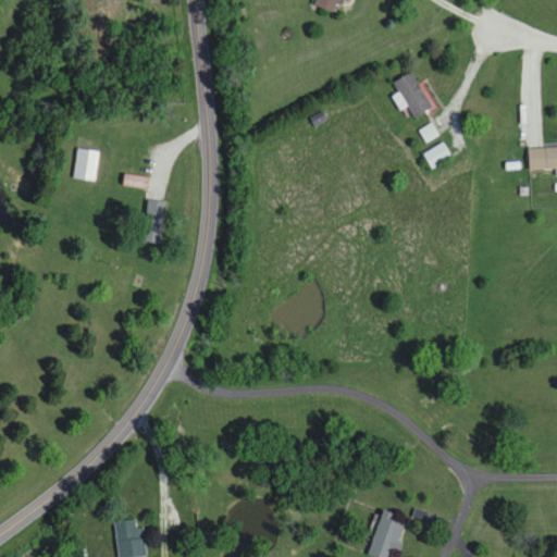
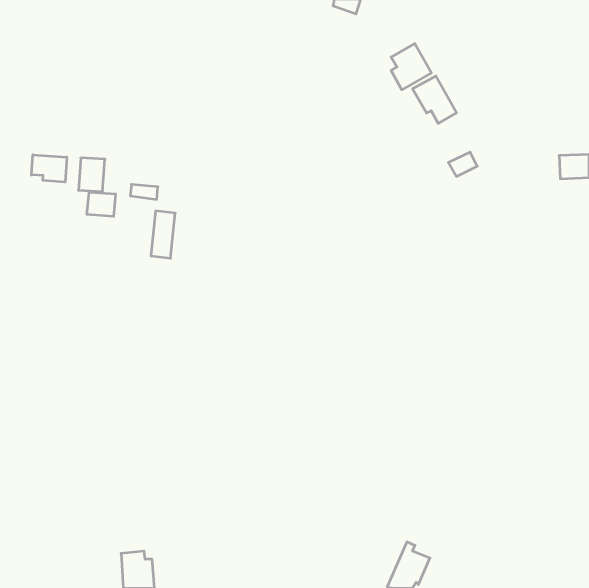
building: none -> [391,44,431,90]
building: none -> [31,155,67,182]
building: none -> [87,192,116,216]

